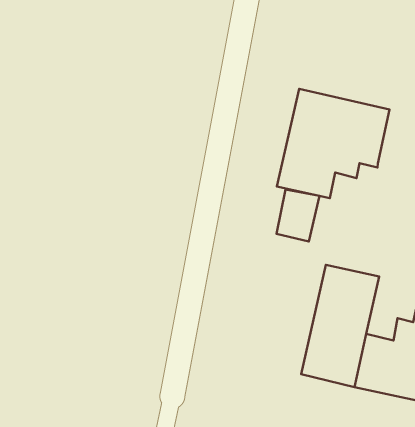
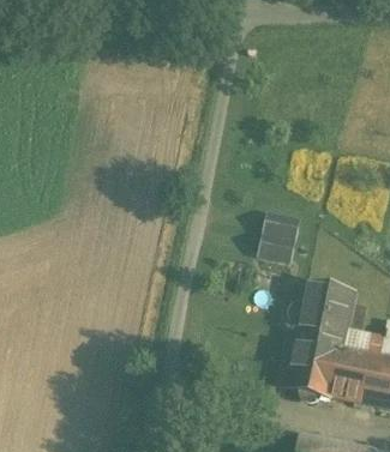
building: [277,89,390,198] -> none

